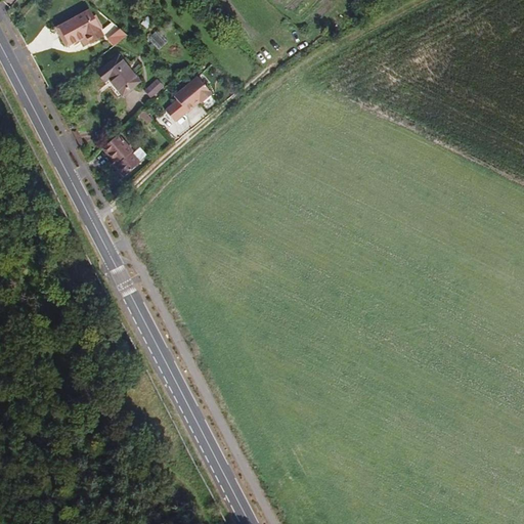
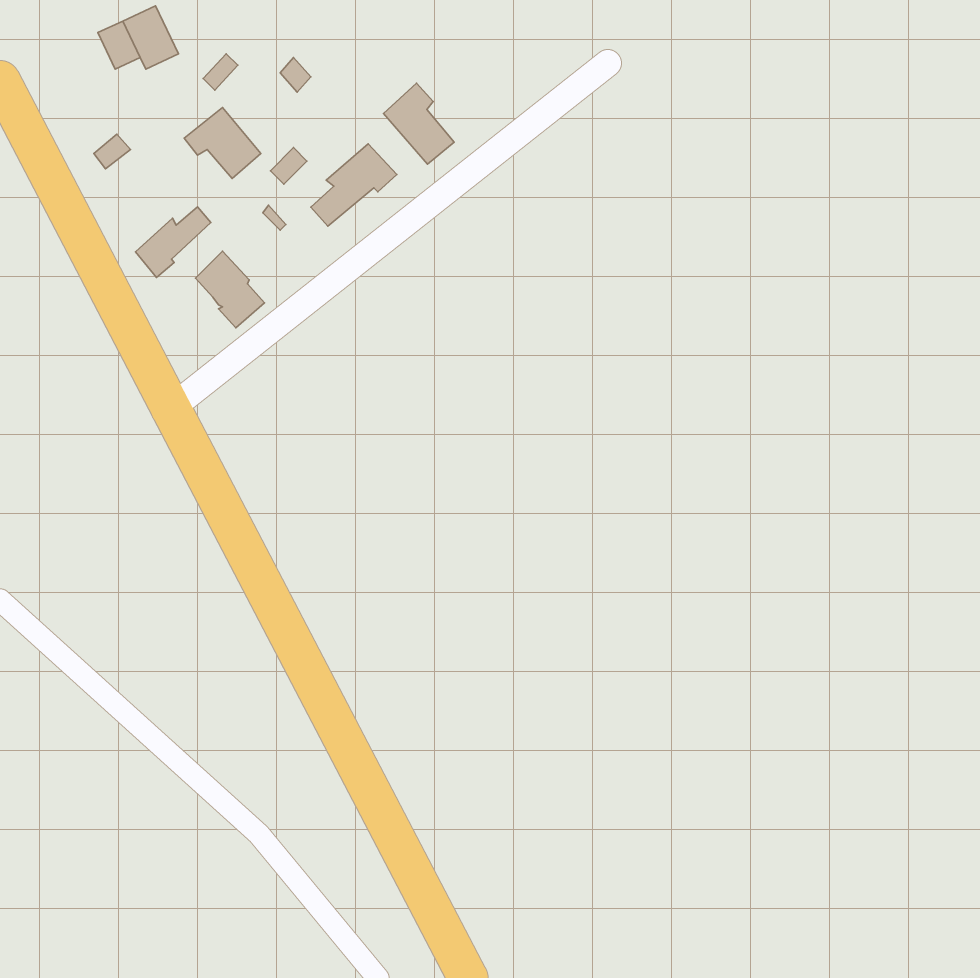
building: none -> [383,83,454,164]
building: none -> [135,207,211,278]

